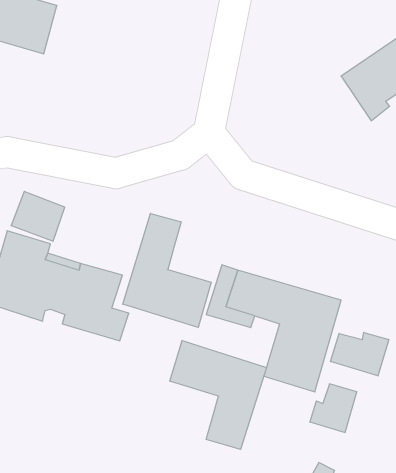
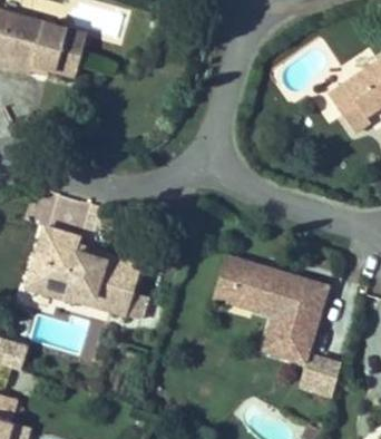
building: [123,213,211,327] -> none
building: [330,332,389,376] -> none
building: [170,340,266,449] -> none

